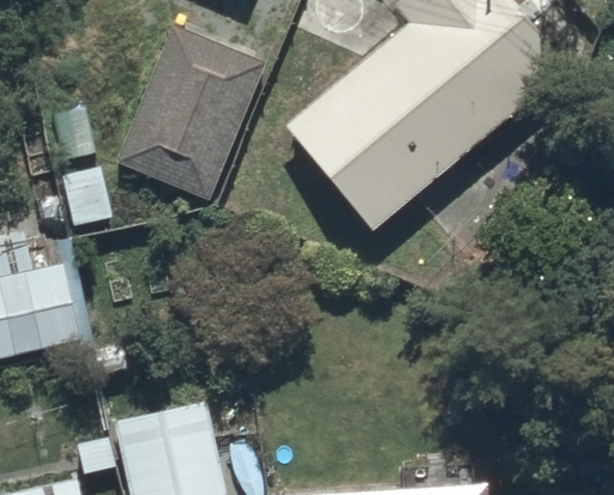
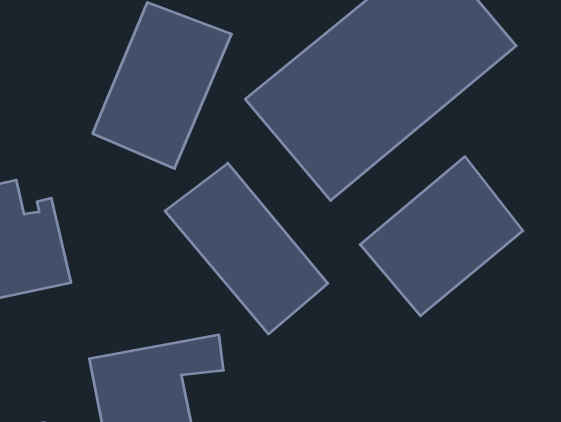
building: none -> [360,157,523,316]
building: none -> [165,163,328,334]

